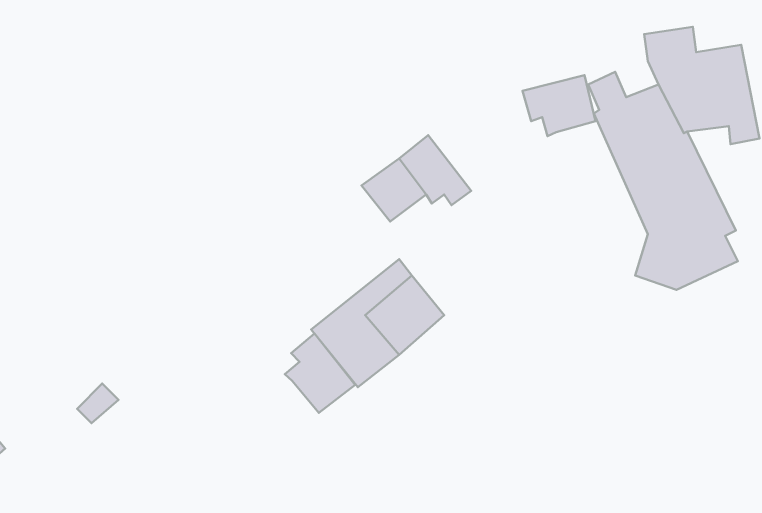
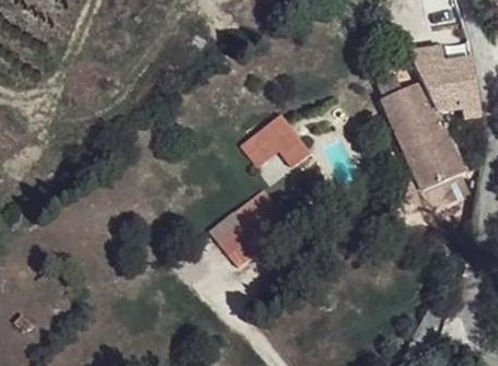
building: [523,75,596,136] -> none
building: [285,334,355,413] -> none

